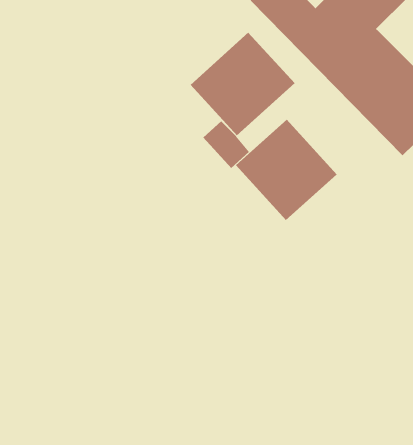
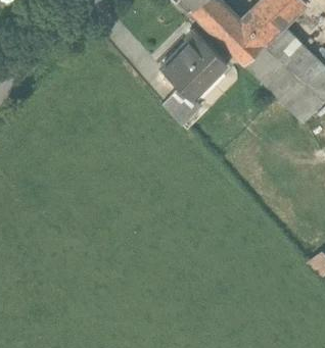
building: [235,119,337,221] -> none

